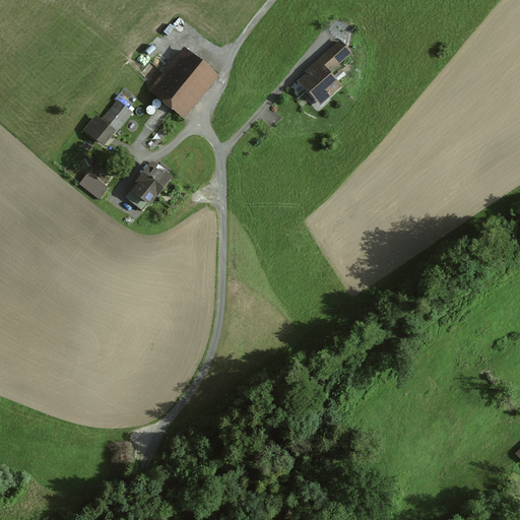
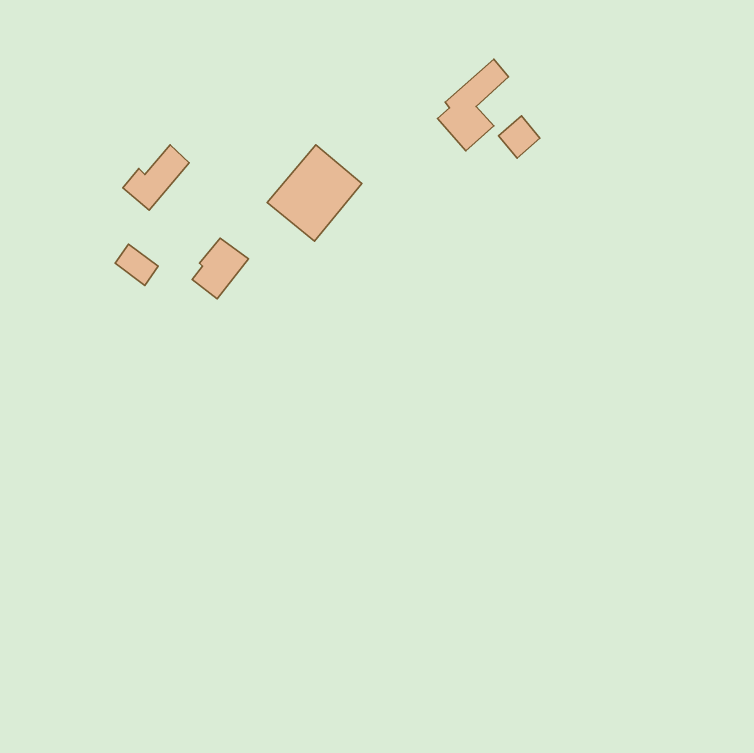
building: [150,50,215,116] -> [267,145,362,241]
building: none -> [499,116,540,158]

